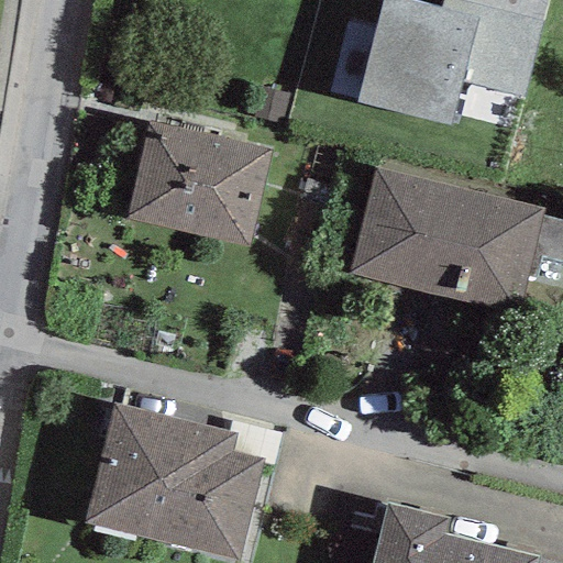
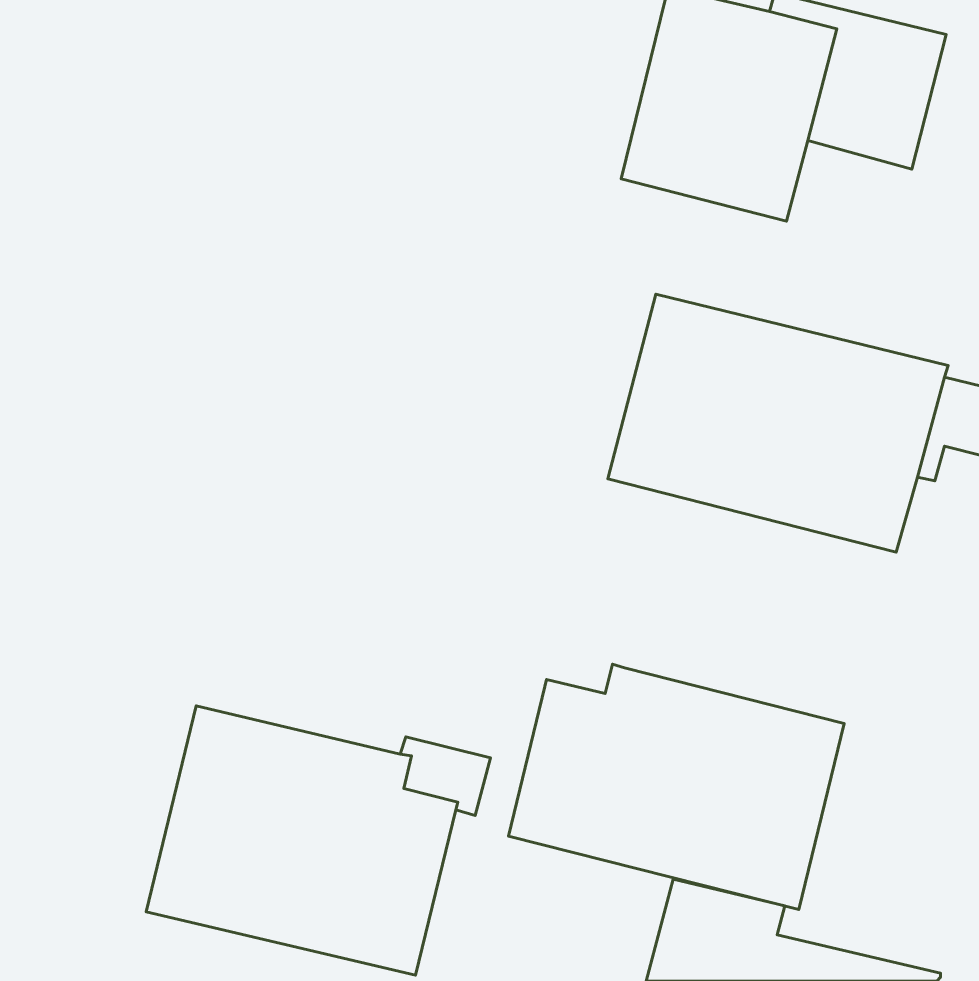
building: [128,121,273,246] -> none
building: none -> [509,664,844,910]

